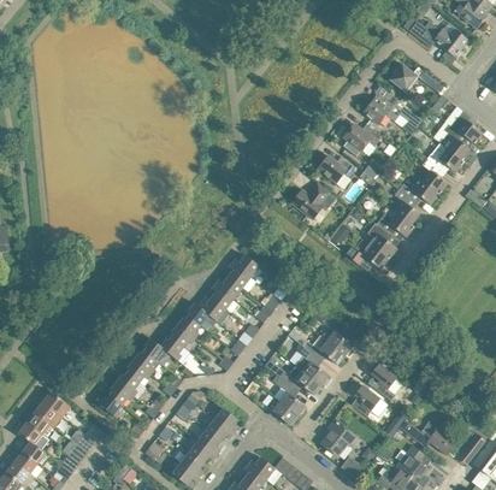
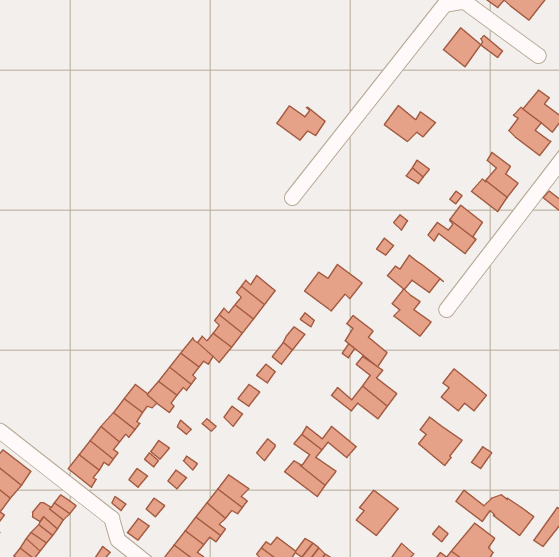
building: [364,93,423,134] -> none
building: [426,142,463,172] -> none
building: [318,155,355,182] -> [277,106,325,140]
building: [291,183,336,219] -> [305,264,362,311]
building: [367,223,397,259] -> [392,289,431,336]
building: [296,347,329,386] -> [345,316,387,367]
building: [353,384,388,417] -> [441,369,486,411]

